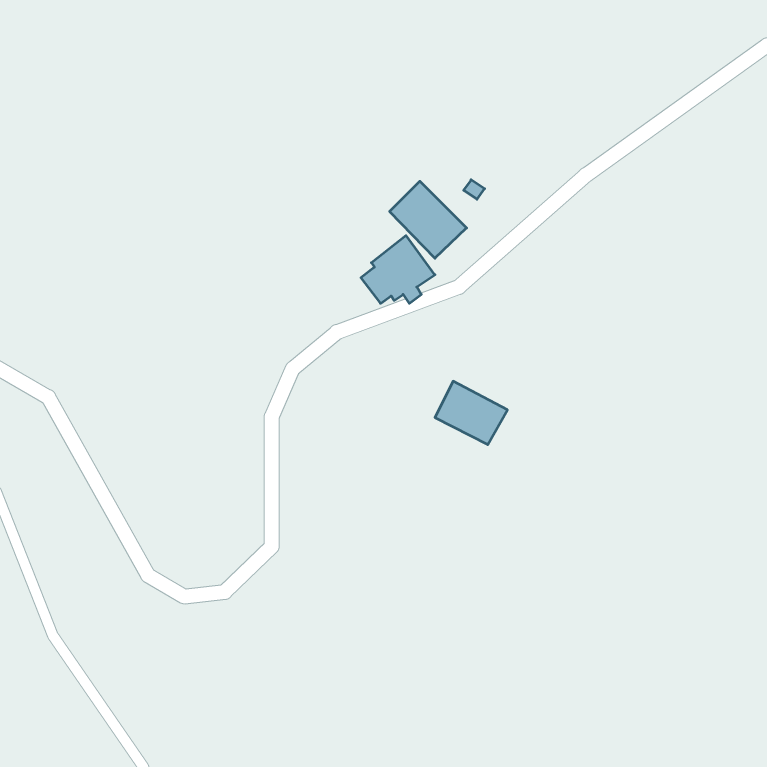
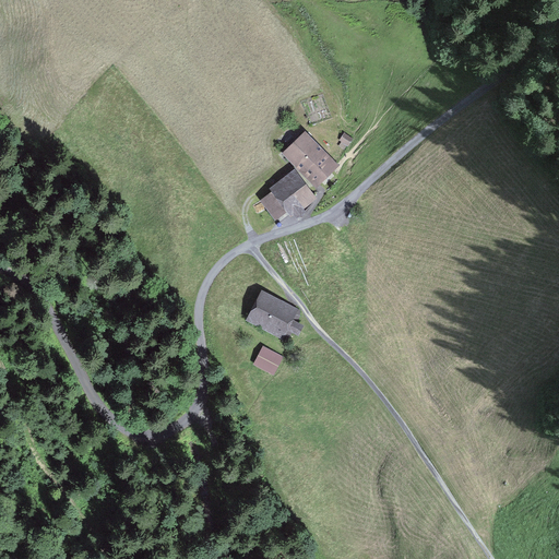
building: [435,381,507,445] -> [245,292,297,337]
building: none -> [253,346,283,374]

